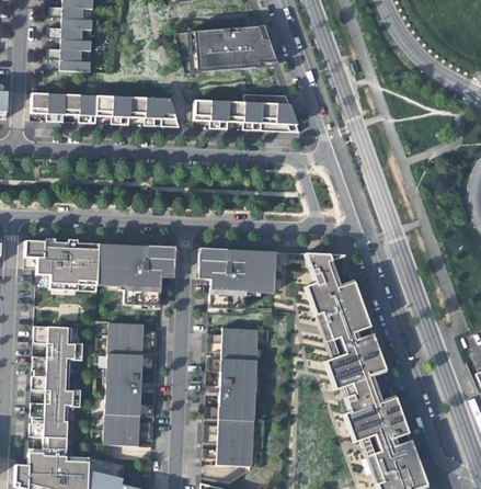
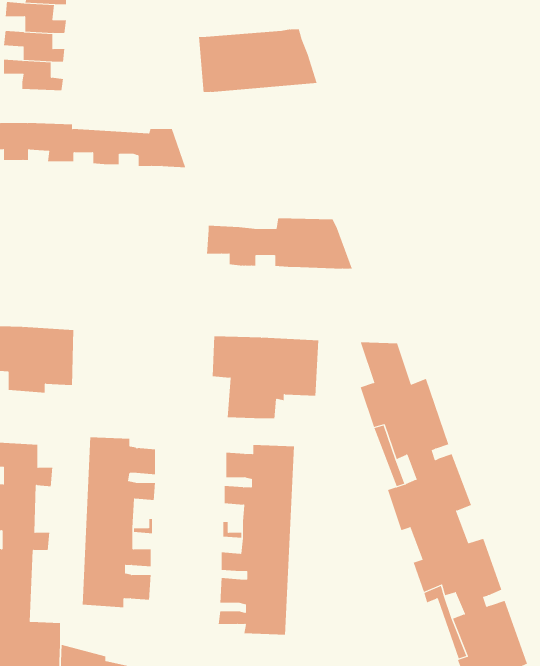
building: [194,93,300,130] -> [206,218,353,269]
building: [98,243,175,305] -> none

